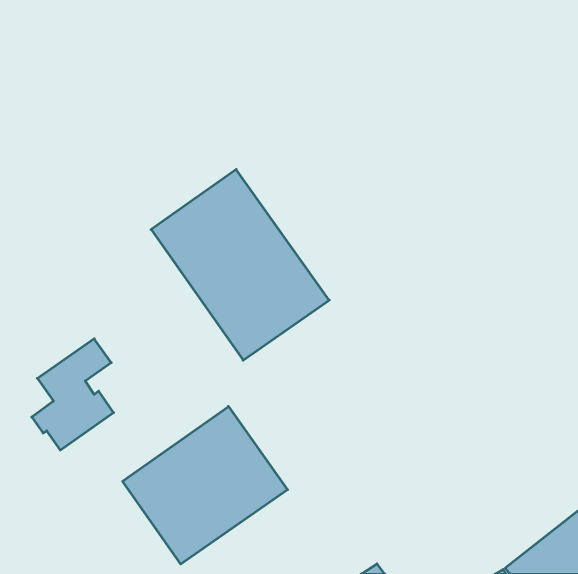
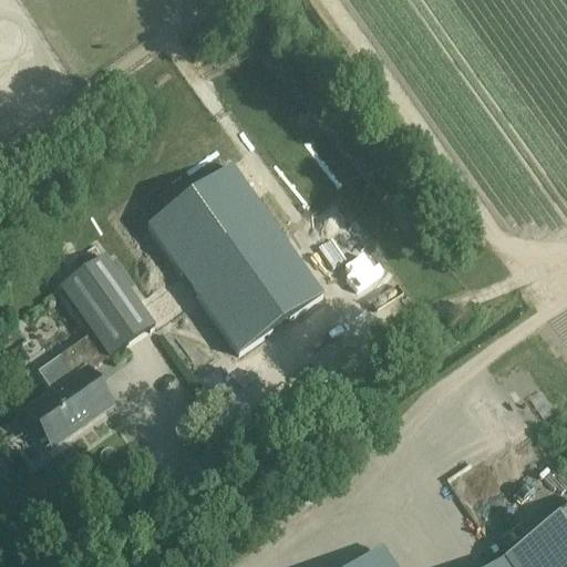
building: none -> [62,254,156,355]
building: [123,406,288,564] -> none

